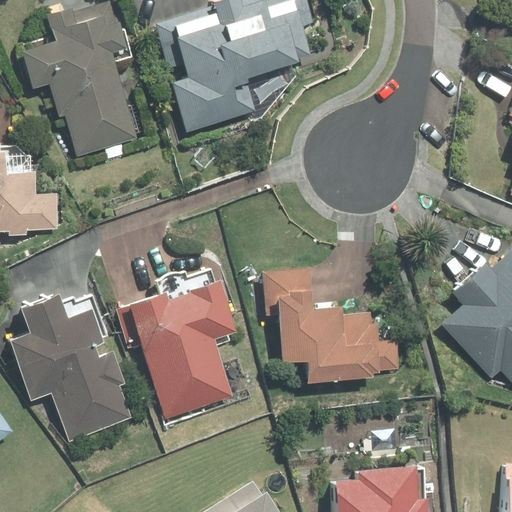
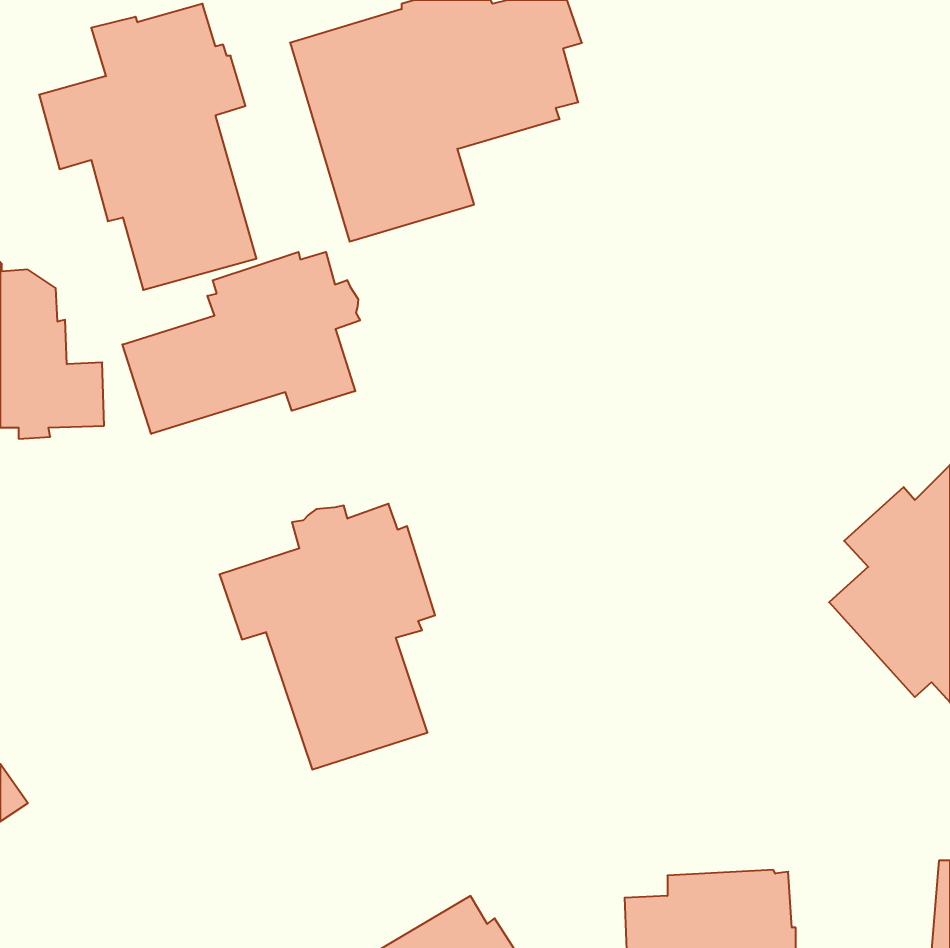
building: none -> [122,252,360,434]
building: [262,268,399,383] -> none
building: [14,294,132,440] -> none

